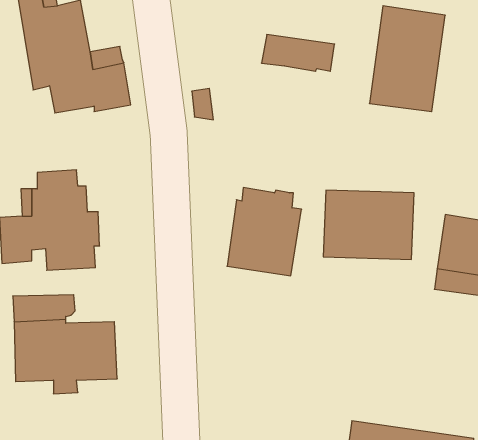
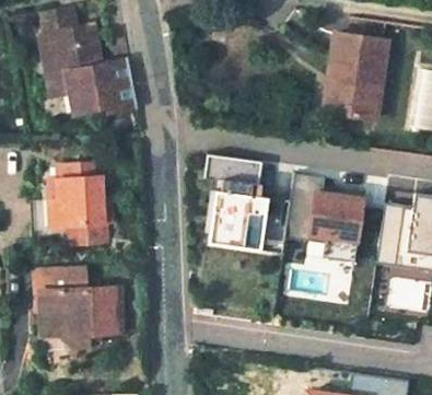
building: [261,35,335,71] -> [205,155,264,185]

